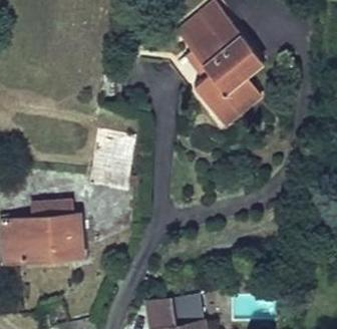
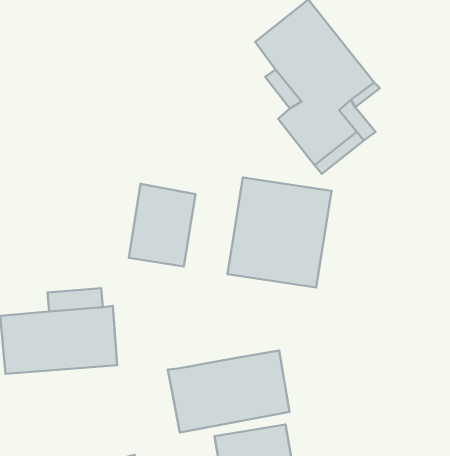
building: none -> [228,177,331,288]
building: none -> [168,350,289,432]

